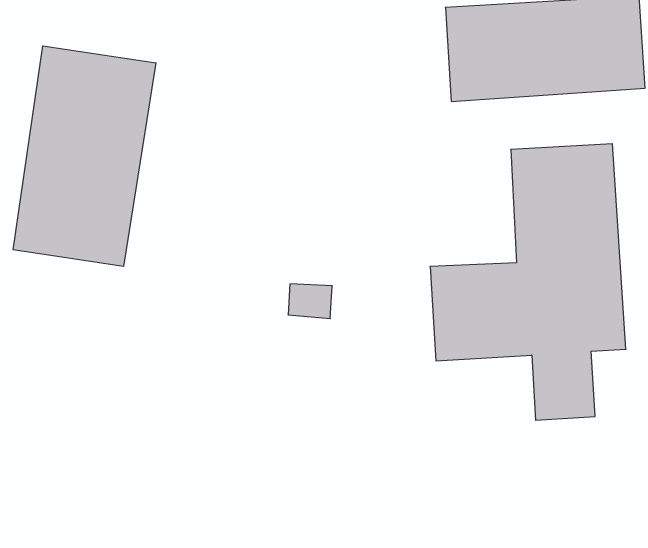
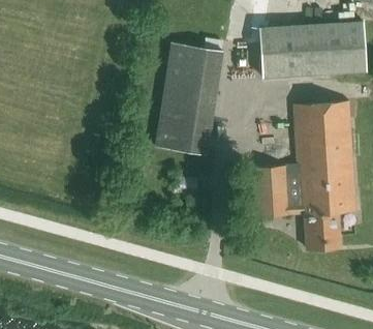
building: none -> [155,42,222,154]
building: [13,46,156,266] -> none

